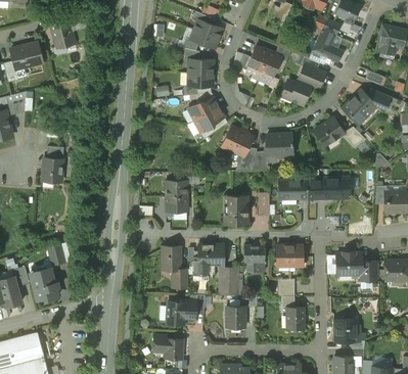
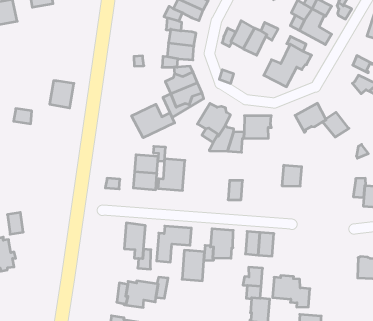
building: [344,90,375,123] -> none
building: none -> [132,104,175,138]
building: [42,157,63,182] -> [50,81,74,108]
building: [324,177,349,197] -> none
building: [279,180,307,198] -> none
building: [224,195,247,224] -> [158,159,185,190]
building: [336,251,371,280] -> [273,276,310,307]
building: [227,306,244,327] -> none

